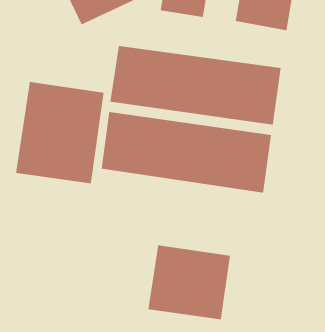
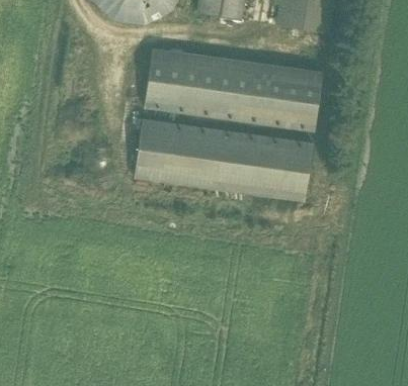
building: [16,81,104,184] -> none
building: [148,245,231,320] -> none

